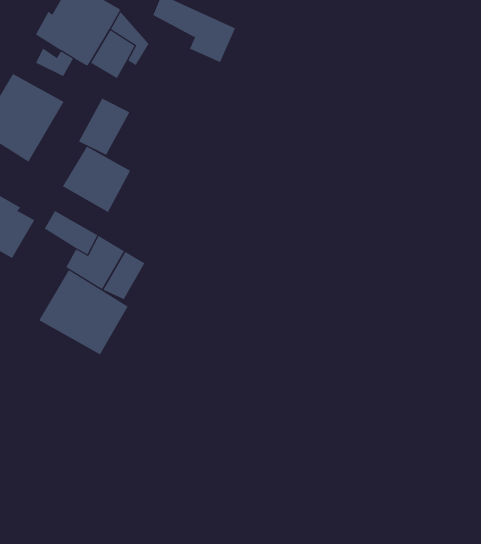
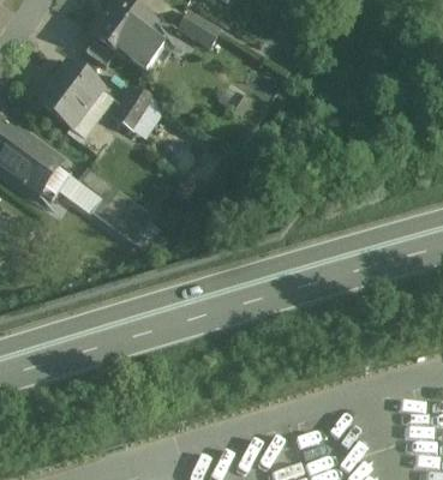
building: [62,146,131,213] -> none
building: [39,269,129,355] -> none

